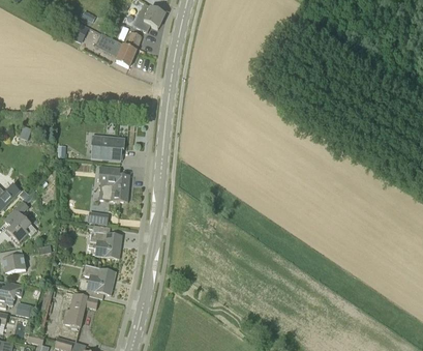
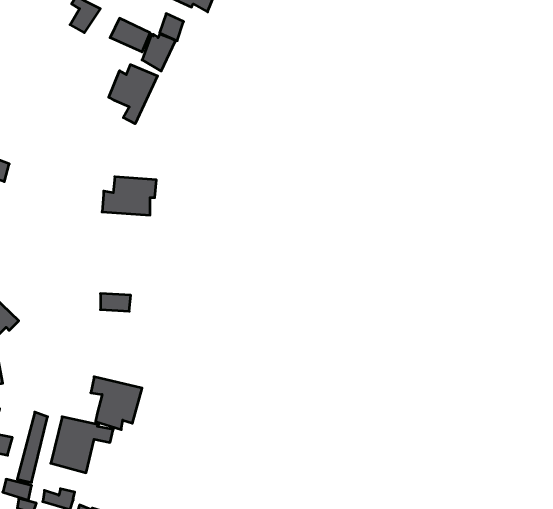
building: none -> [109,65,158,124]
building: [98,166,129,202] -> none
building: [90,225,121,258] -> none

